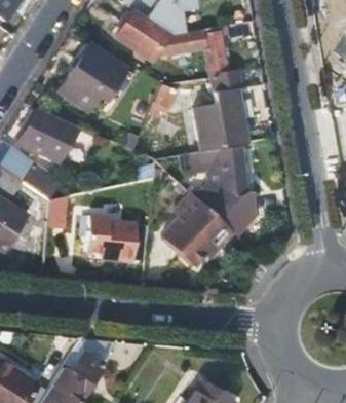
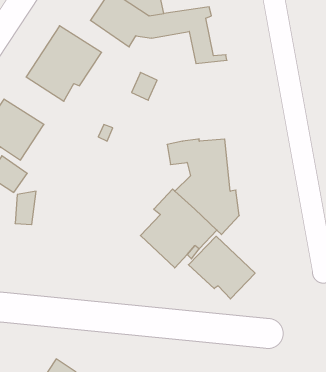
building: [195,74,251,149] -> none
building: [81,216,134,260] -> none
building: none -> [188,236,255,299]

